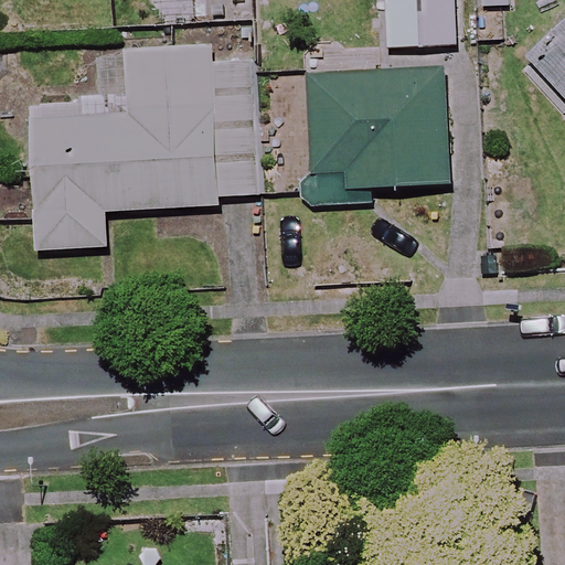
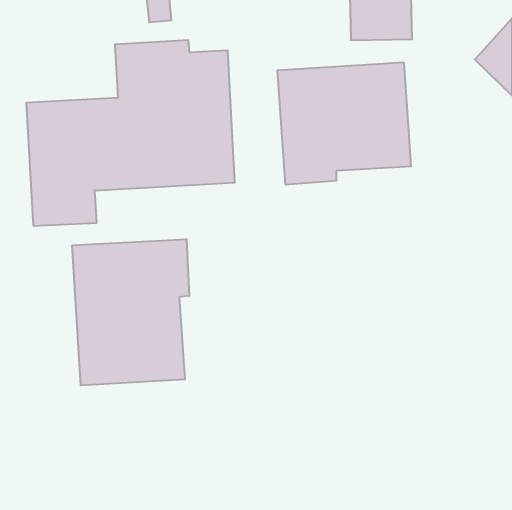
building: none -> [72,239,189,385]

